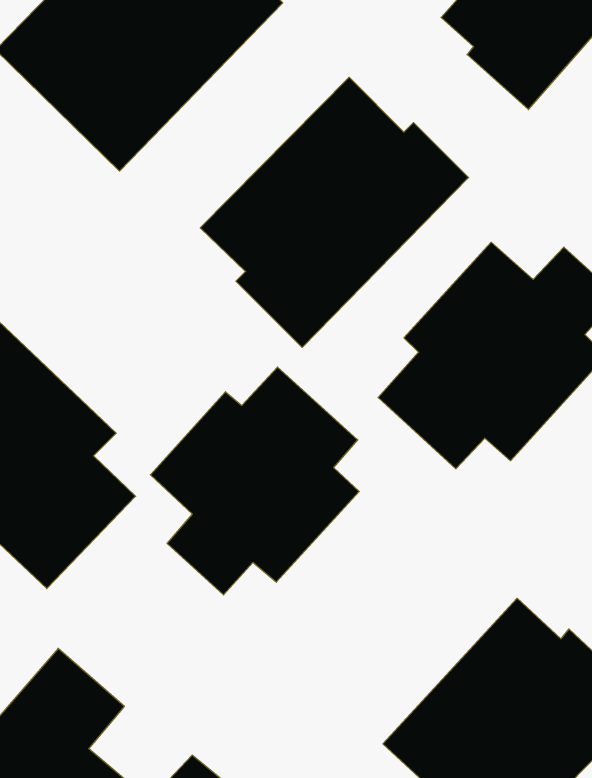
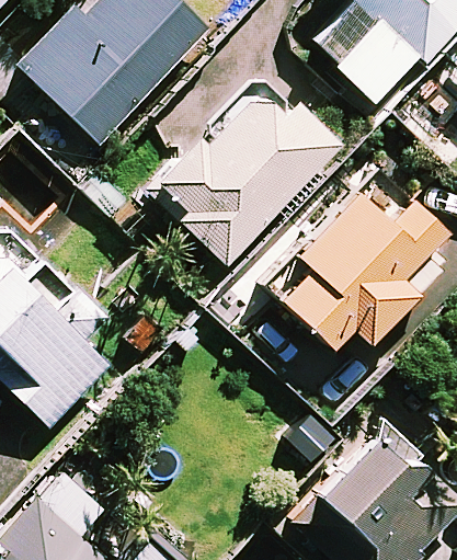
building: [150,367,359,595] -> none

